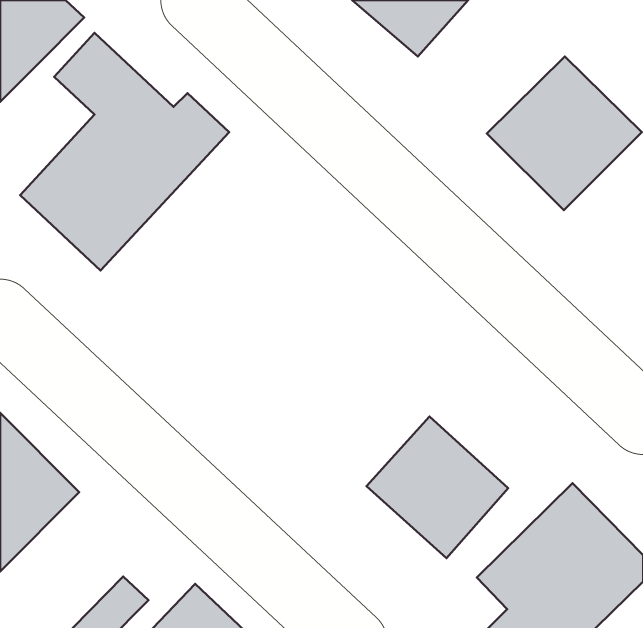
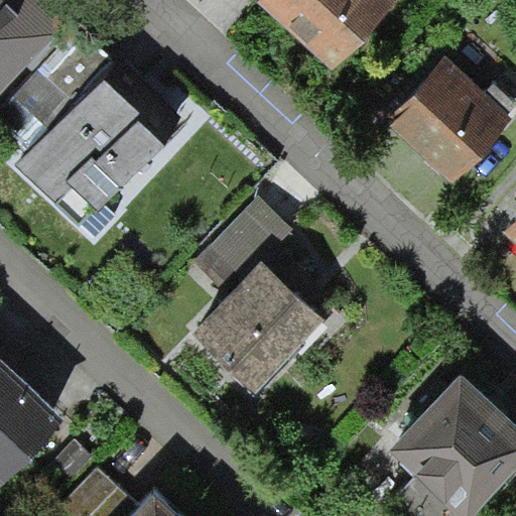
building: none -> [185,203,309,404]
building: [367,416,508,558] -> none

